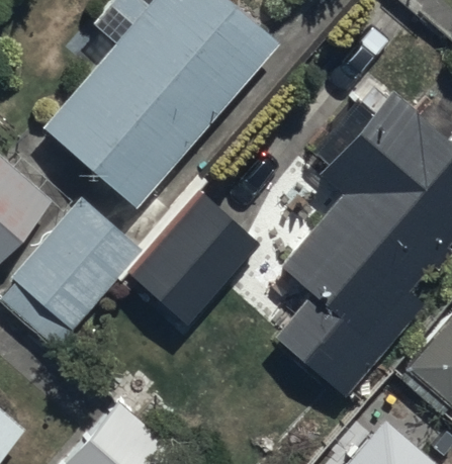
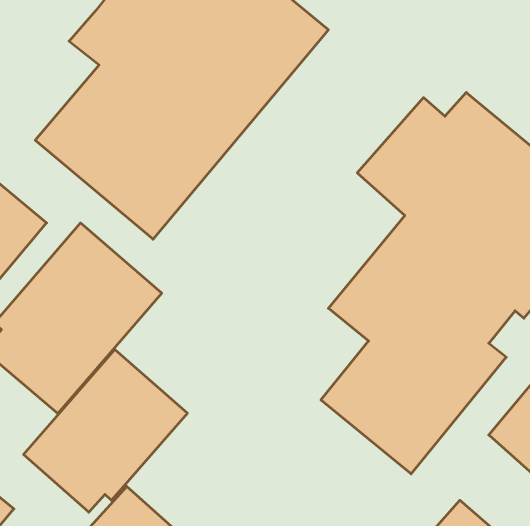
building: [128,188,262,324] -> none
building: none -> [24,350,187,512]

